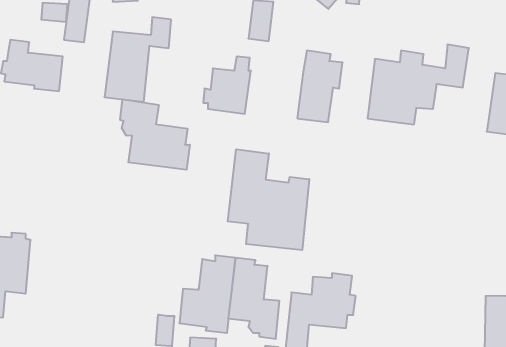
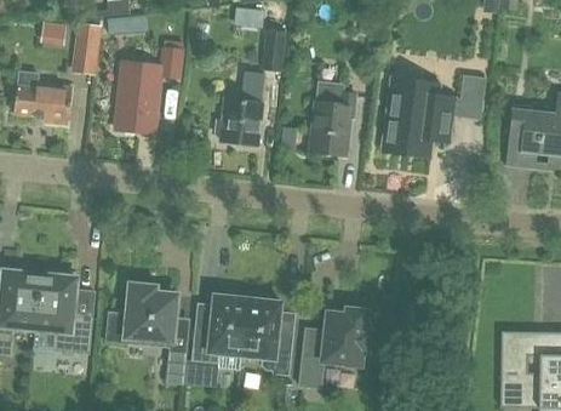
building: [120,99,190,170] -> none
building: [228,149,309,250] -> none
building: none -> [35,269,92,352]
building: none -> [107,285,177,342]

